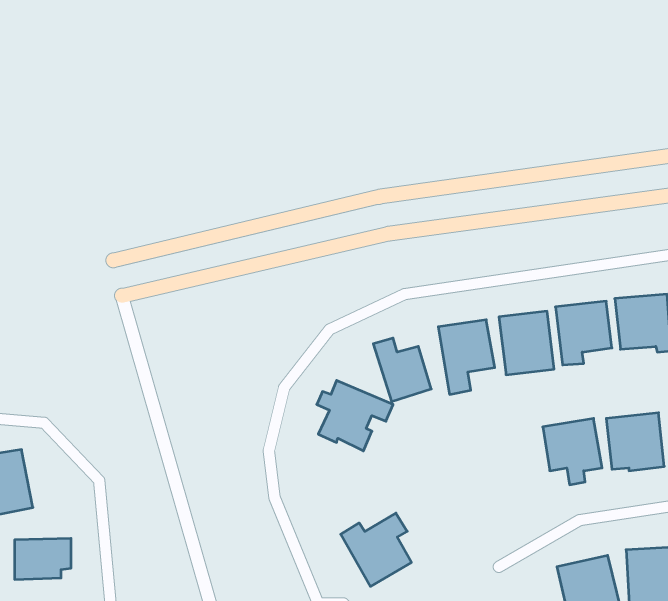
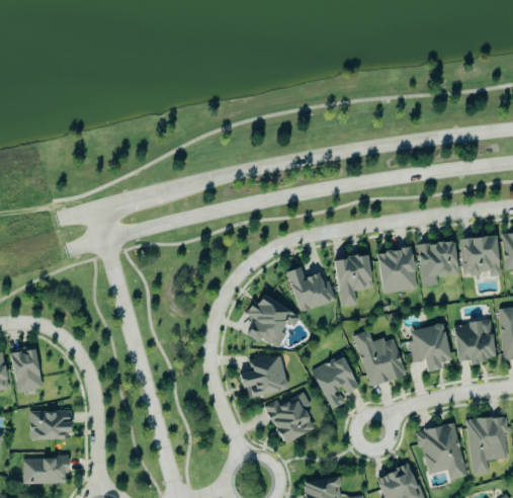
building: none -> [354,330,406,386]
building: none -> [239,353,288,397]
building: none -> [312,355,358,409]

